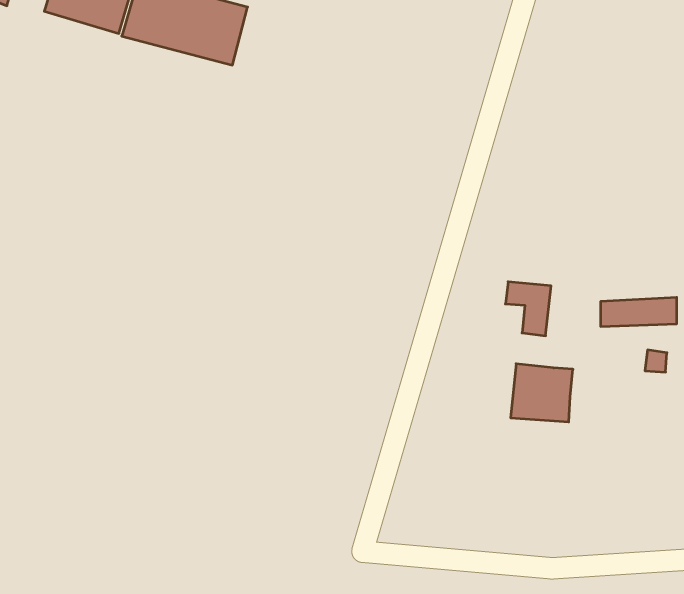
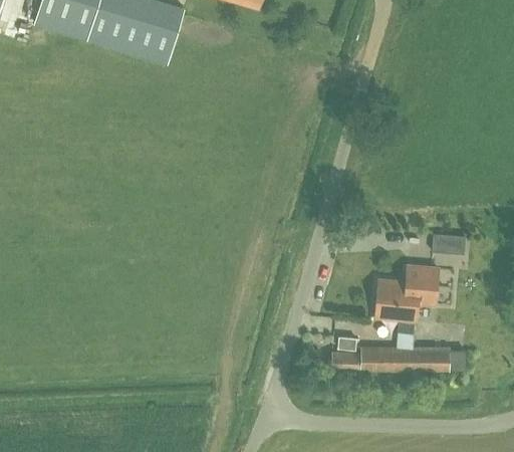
building: [505,282,551,336] -> [404,266,437,305]
building: none -> [330,342,462,371]

